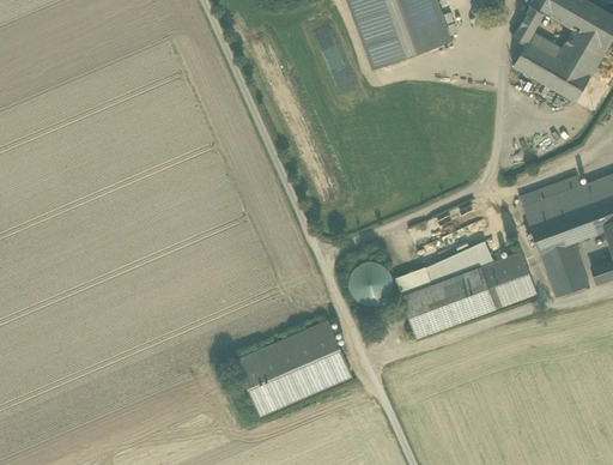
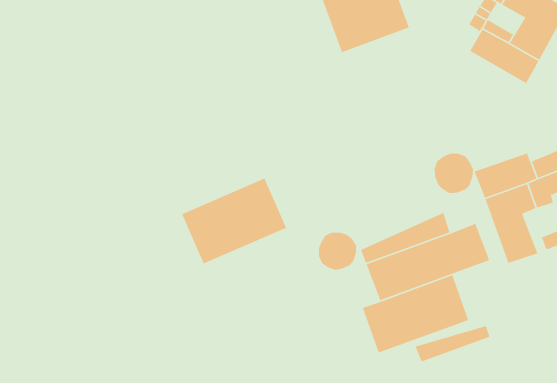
building: none -> [434,153,474,194]
building: none -> [362,274,469,353]
building: [237,320,352,415] -> [181,178,287,265]
building: none -> [414,325,490,363]

